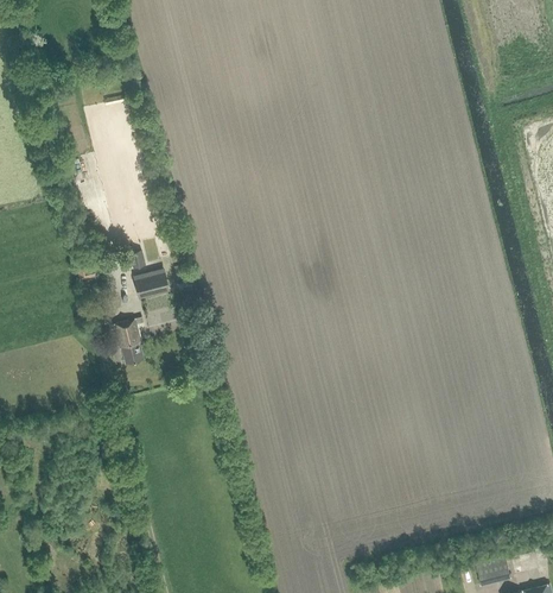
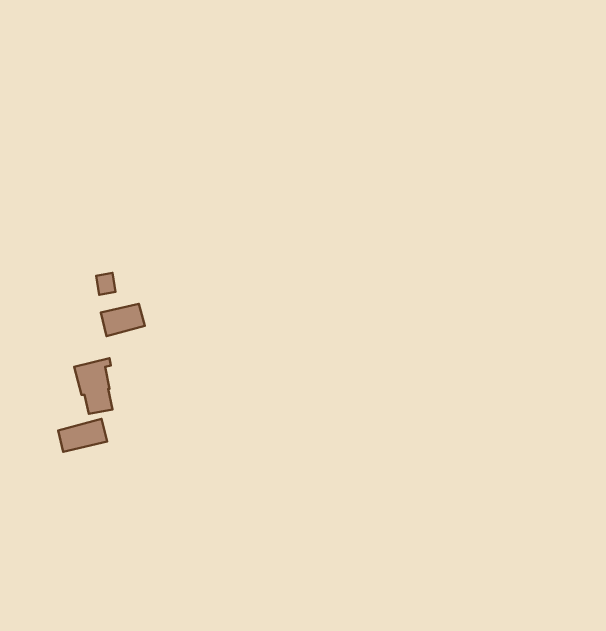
building: none -> [58,419,107,452]

